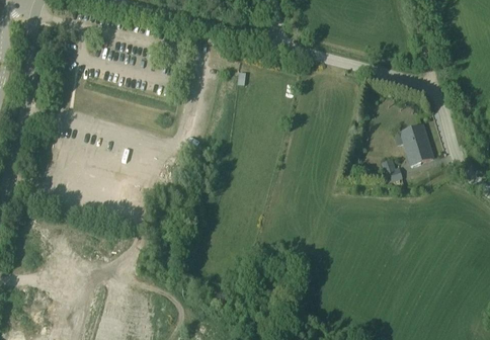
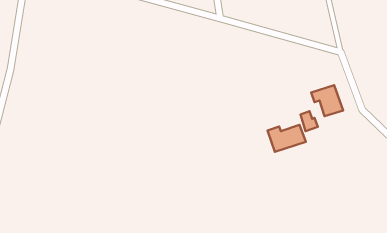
building: none -> [267,125,306,152]

